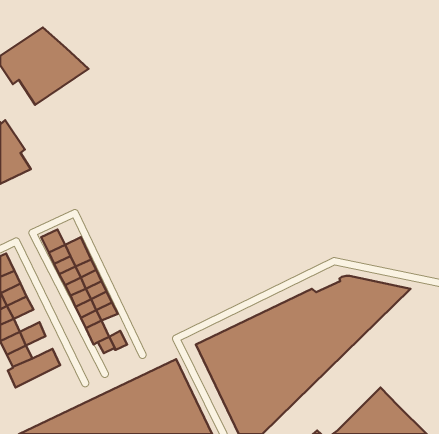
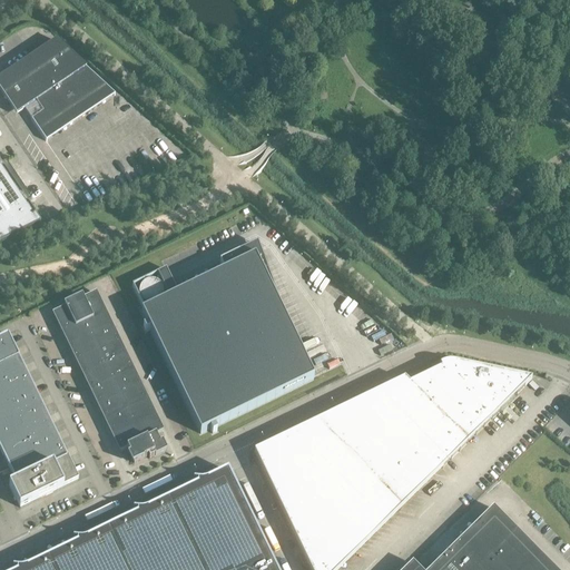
building: none -> [132,240,314,429]
building: none -> [75,287,105,317]
building: none -> [18,401,51,430]
building: none -> [131,406,161,436]
building: none -> [33,435,68,464]

